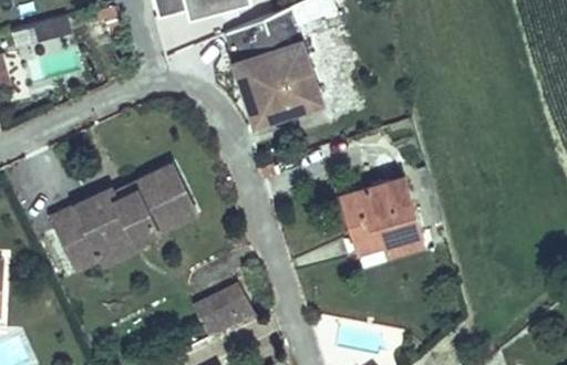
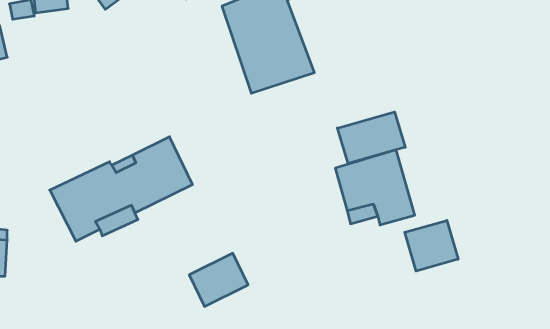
building: none -> [337,112,405,163]
building: none -> [405,220,458,271]

